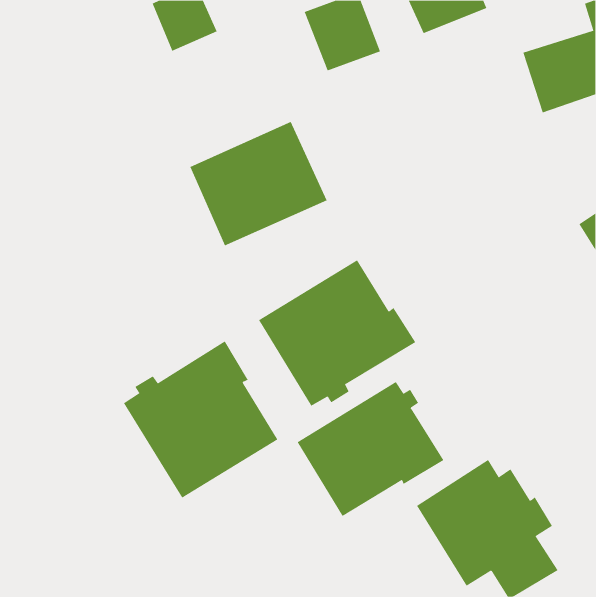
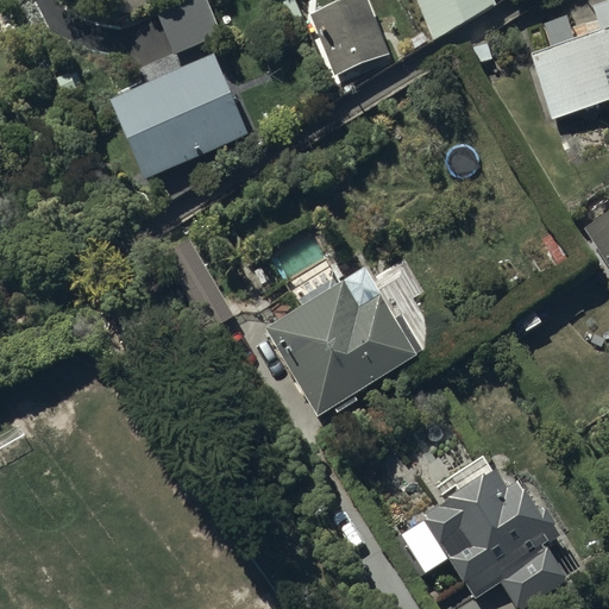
building: [190,121,327,246] -> [109,52,250,180]
building: [123,341,278,499] -> none
building: [297,381,444,517] -> none

